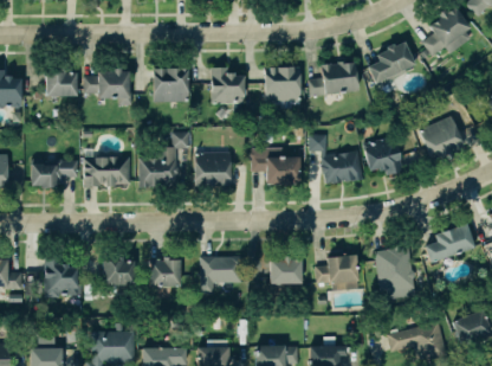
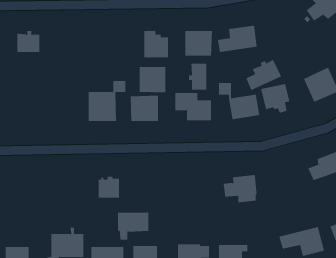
building: [368,41,415,83] -> [245,59,282,91]
building: [153,68,188,102] -> [139,66,166,93]
building: [83,69,131,104] -> none
building: none -> [188,63,207,90]
building: [83,156,129,186] -> none
building: [32,160,77,187] -> none
building: [374,245,414,300] -> none
building: [268,256,302,283] -> none
building: [103,257,135,284] -> none
building: [199,257,240,294] -> [117,212,149,240]
building: [44,258,77,297] -> none

